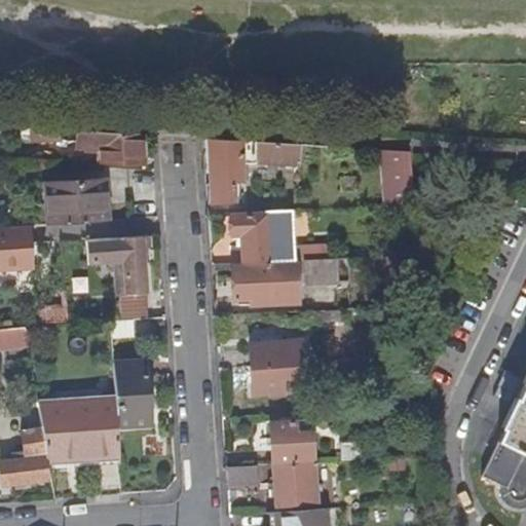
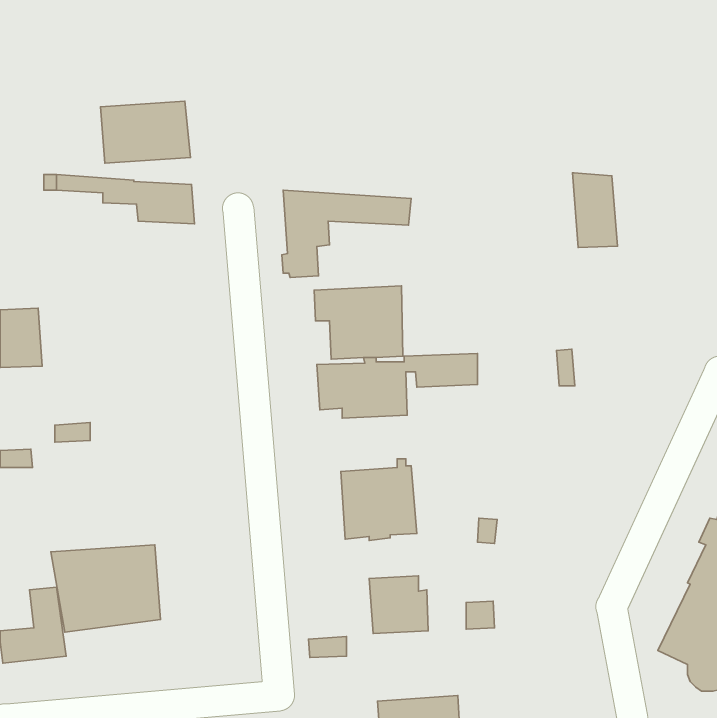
building: [382,151,415,205] -> [572,173,618,248]
building: [42,180,108,225] -> [100,101,191,163]
building: [87,236,151,321] -> none
building: [114,361,151,453] -> none
building: [274,463,320,508] -> none

